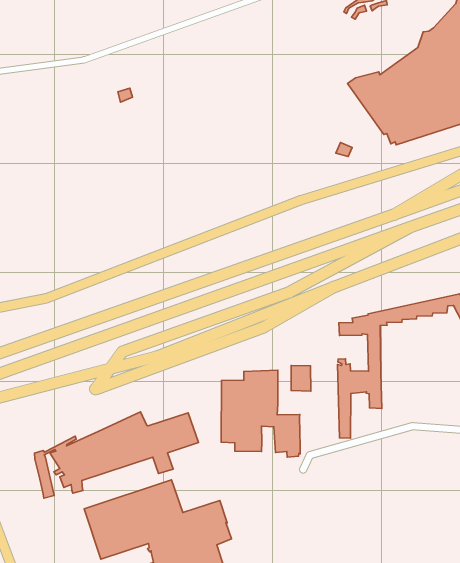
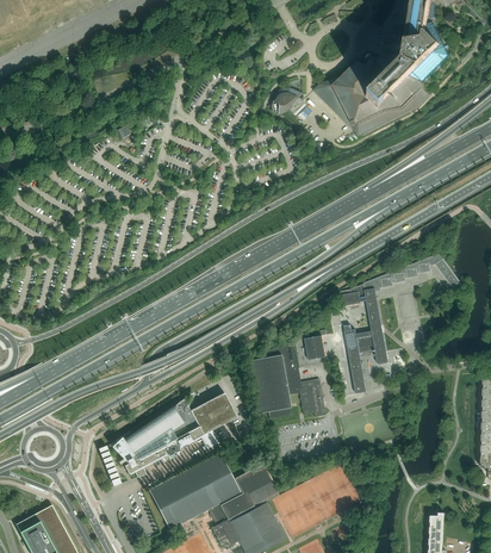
building: none -> [269,88,304,112]

